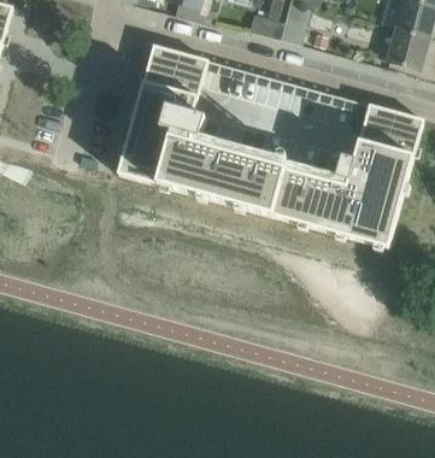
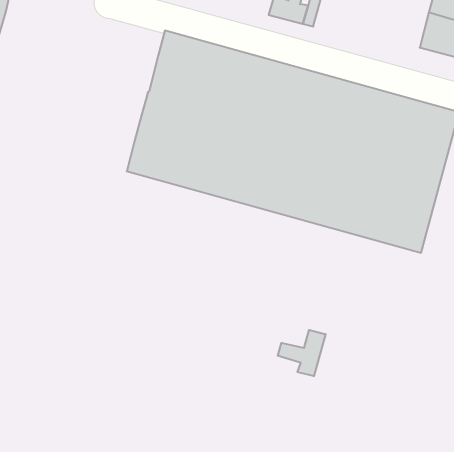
building: none -> [278,330,326,376]

